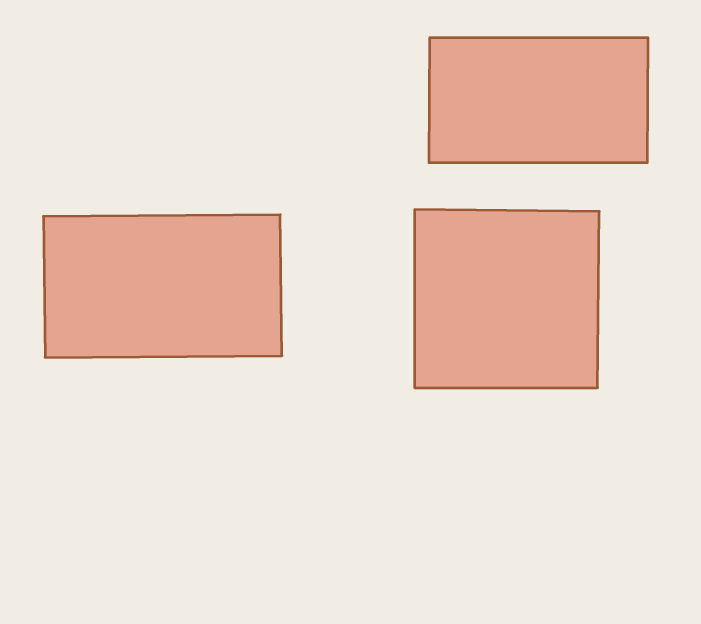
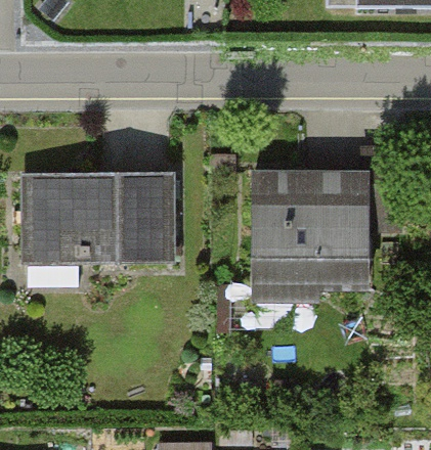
building: [429,38,648,163] -> none

